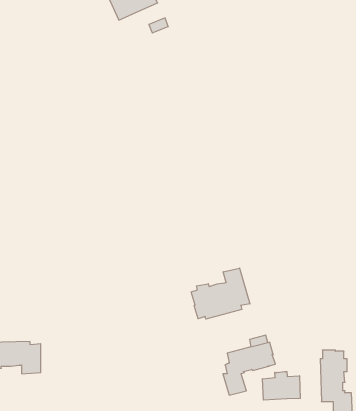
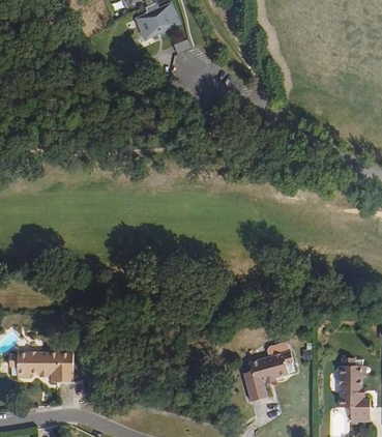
building: [191,268,250,319] -> none
building: [262,372,300,400] -> none

